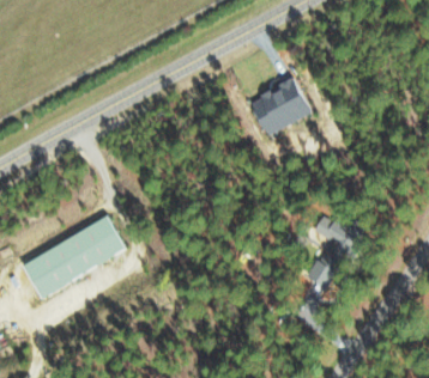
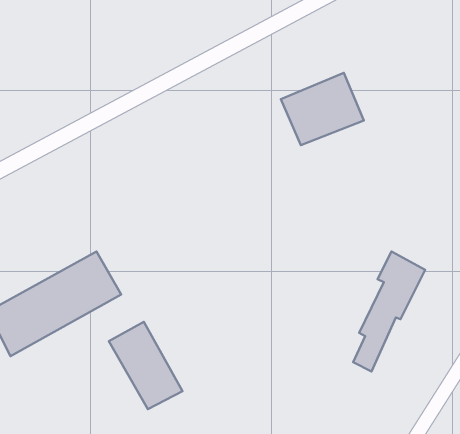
building: none -> [109,322,182,409]

